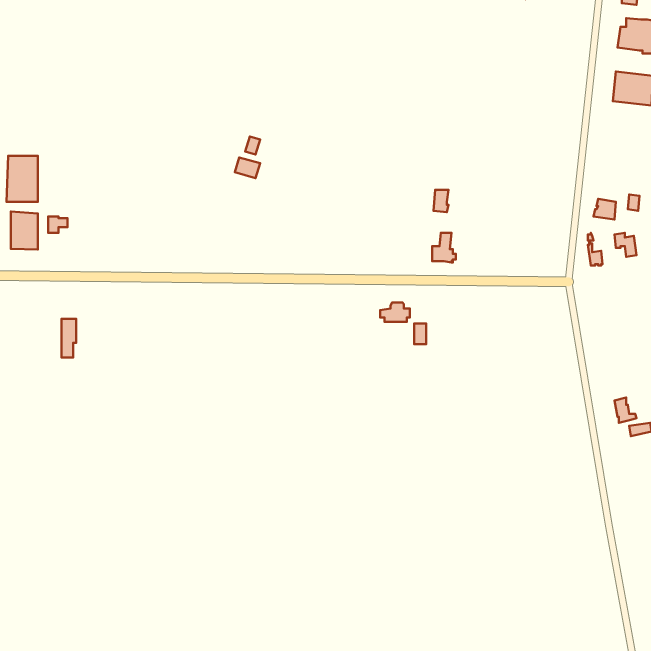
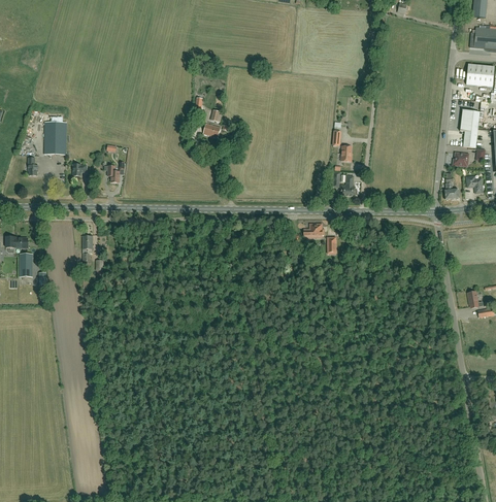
building: none -> [460,108,480,147]
building: [11,211,38,249] -> none

